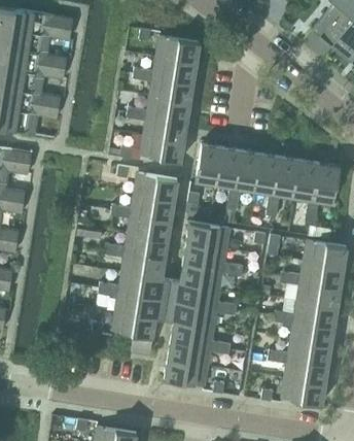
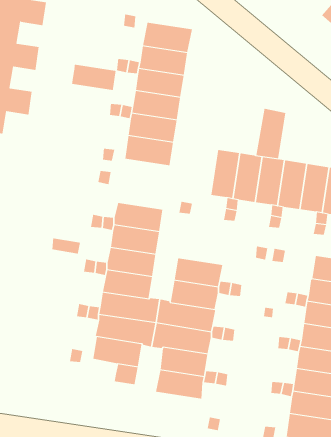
building: none -> [71,64,116,91]
building: [194,143,221,188] -> [255,108,286,159]
building: [134,173,177,200] -> none
building: [186,222,229,248] -> none
building: [164,360,208,386] -> none

